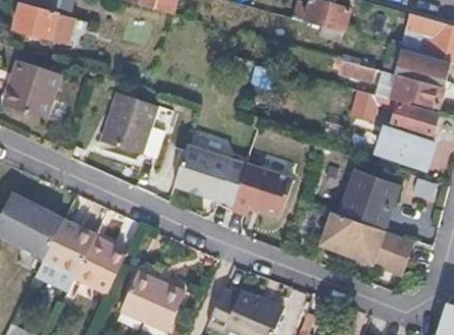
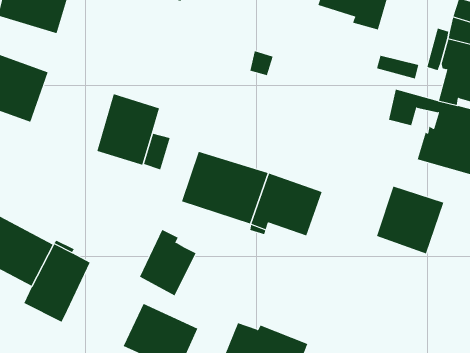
building: [318,212,413,274] -> none
building: [77,237,125,294] -> [139,229,196,296]

